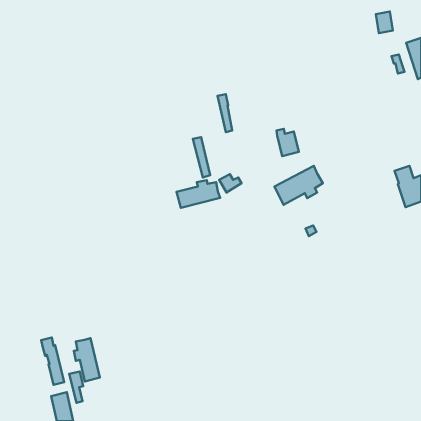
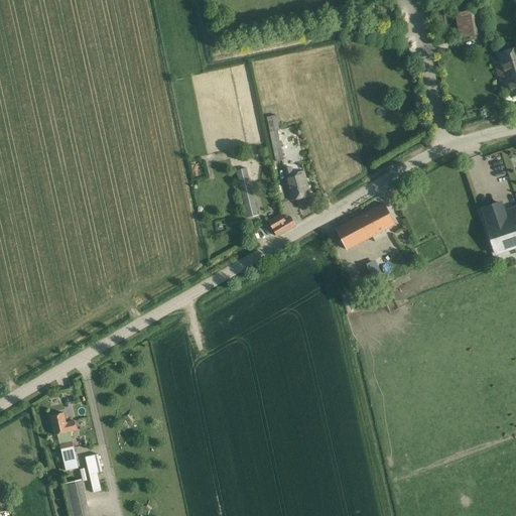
building: [276,129,299,156] -> [283,166,310,200]
building: [177,180,220,208] -> none
building: [74,338,100,381] -> none

